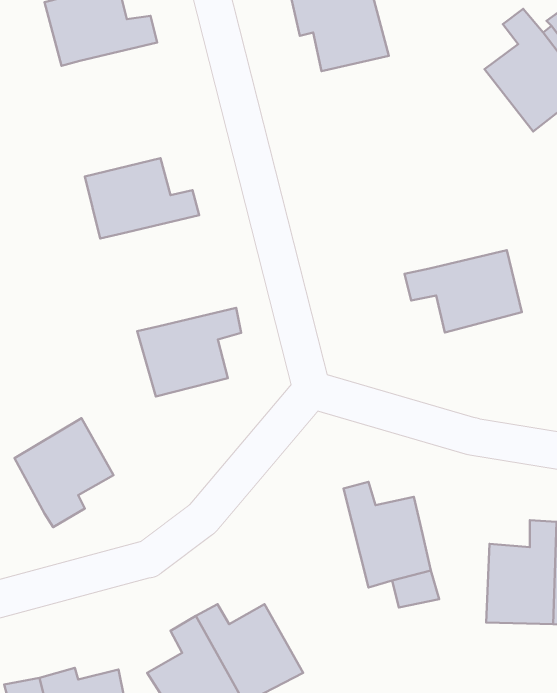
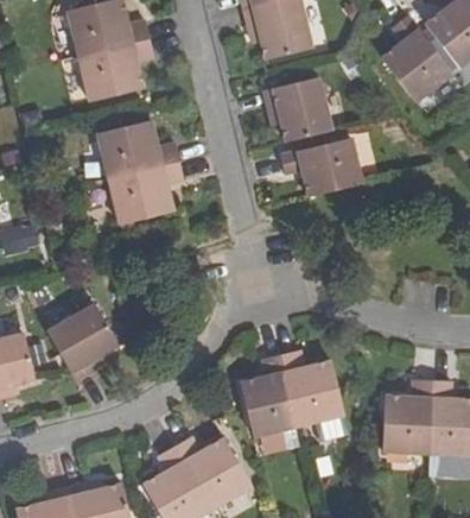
building: none -> [81,39,153,102]
building: none -> [263,77,331,143]
building: [404,250,522,332] -> [279,139,362,197]
building: [137,308,241,397] -> [108,162,182,225]
building: none -> [240,355,298,436]

